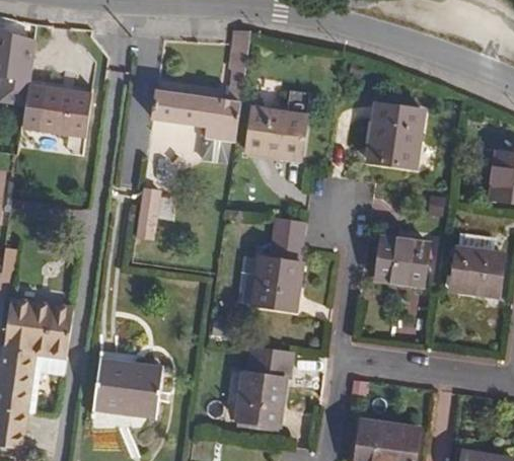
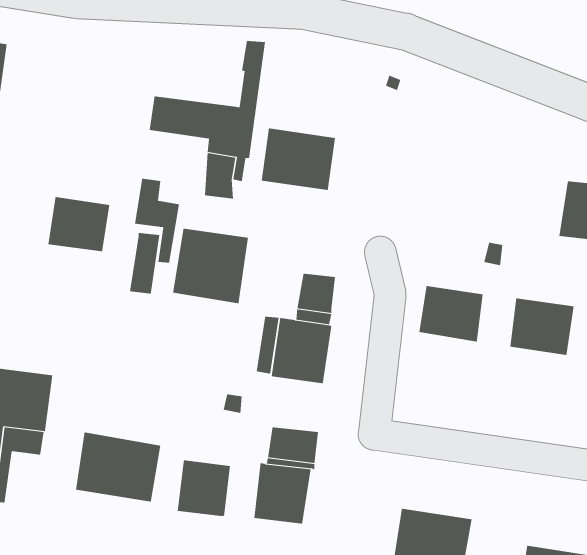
building: [36,87,88,133] -> [47,196,110,252]
building: [368,101,423,165] -> none
building: none -> [173,228,249,304]
building: none -> [177,460,231,517]

